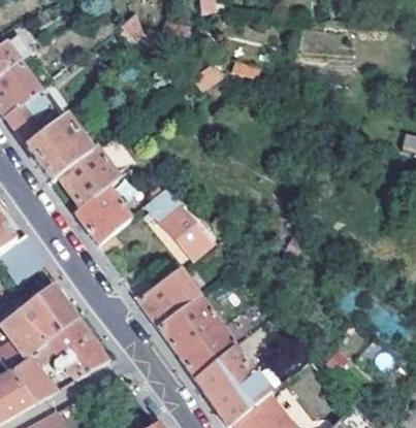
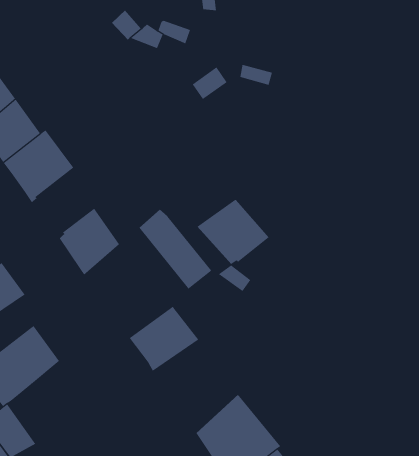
building: [57,145,118,206] -> none
building: none -> [196,199,270,265]
building: [158,299,234,381] -> none
building: [35,318,109,380] -> none

